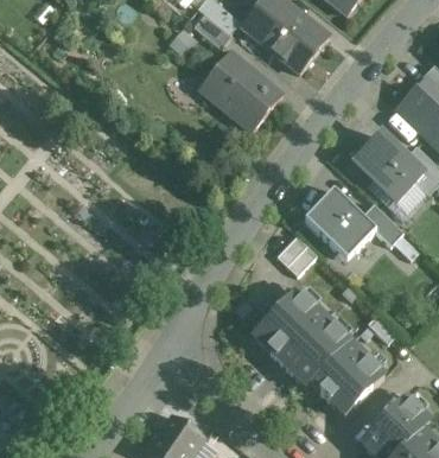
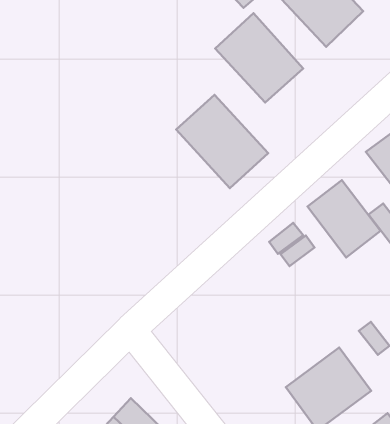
building: none -> [176,95,268,188]
building: [252,280,358,387] -> none

